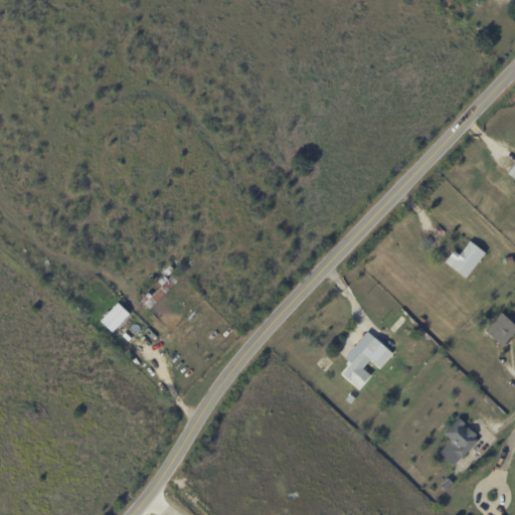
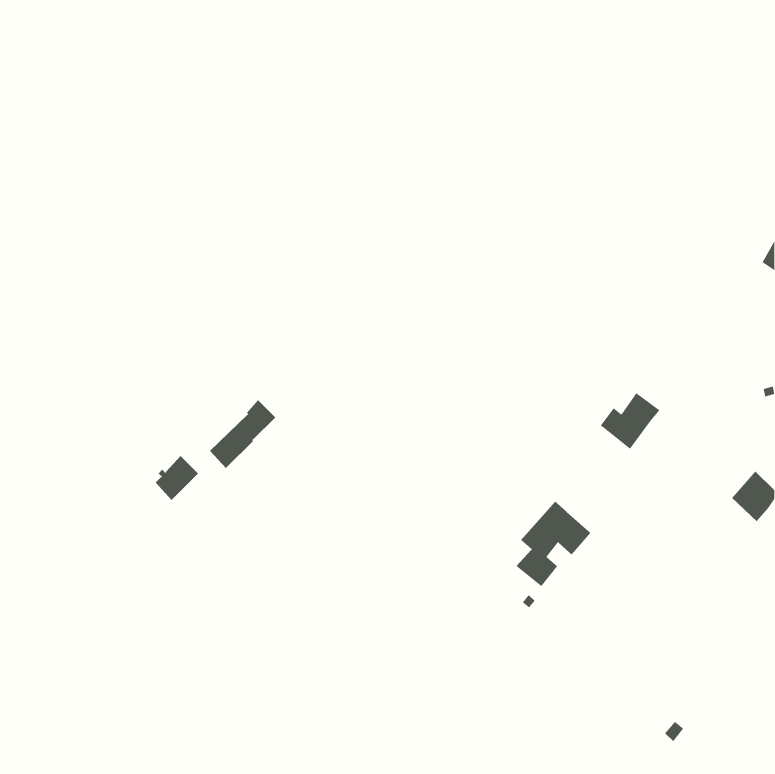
building: [446,240,486,279] -> [600,392,660,450]
building: [439,416,477,465] -> none

